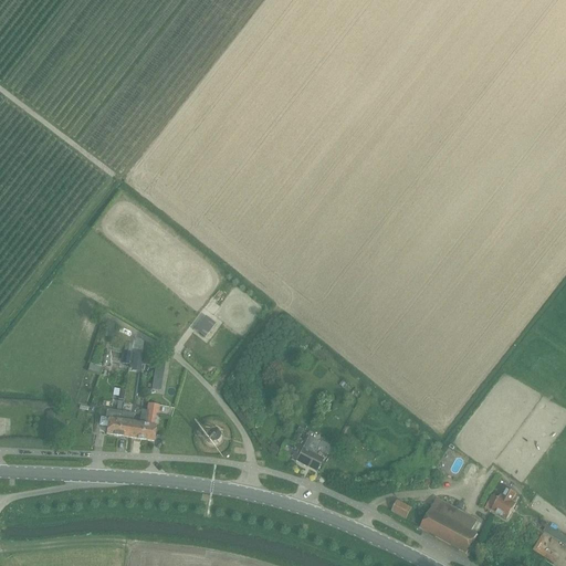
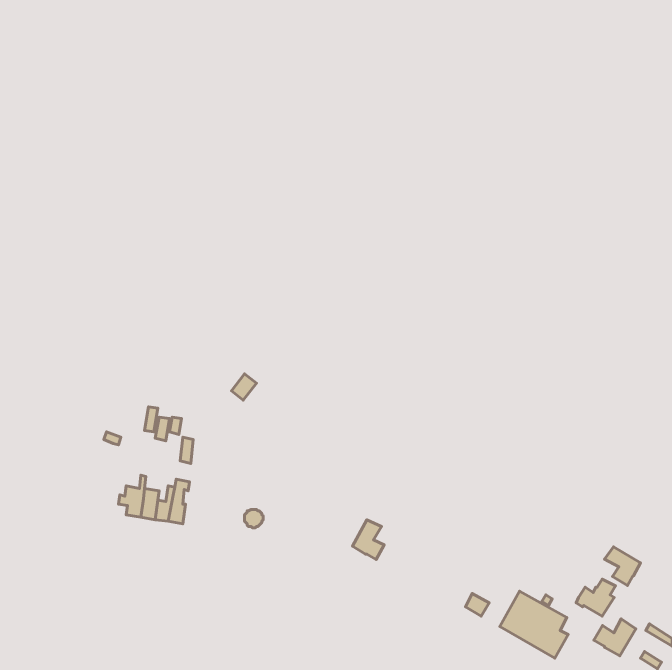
building: none -> [605,547,641,585]
building: none -> [594,619,636,656]

